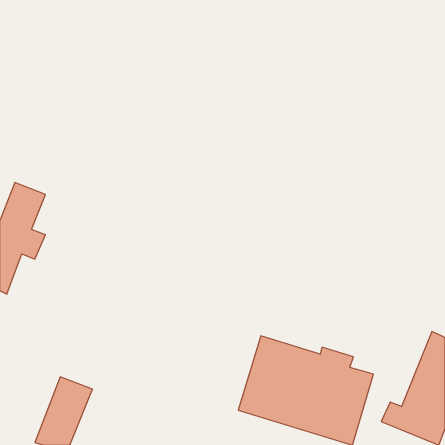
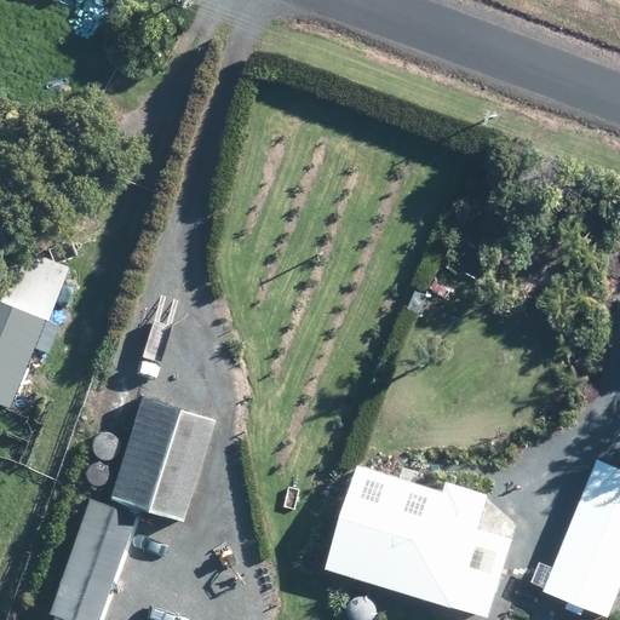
building: none -> [108,398,212,522]

